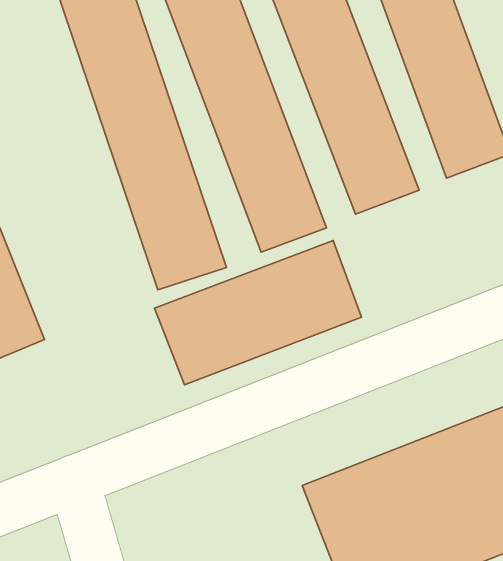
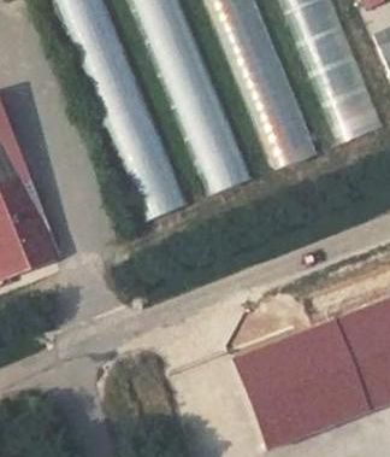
building: [154,241,361,385] -> none

